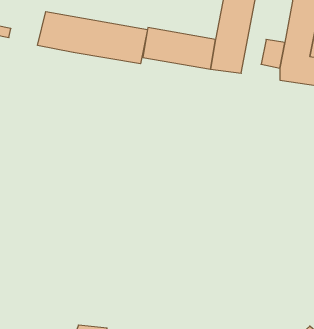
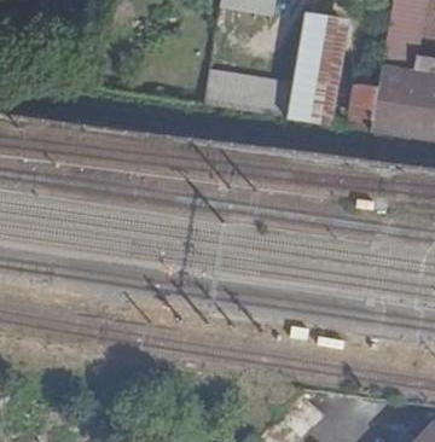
building: [38,12,148,64] -> none

